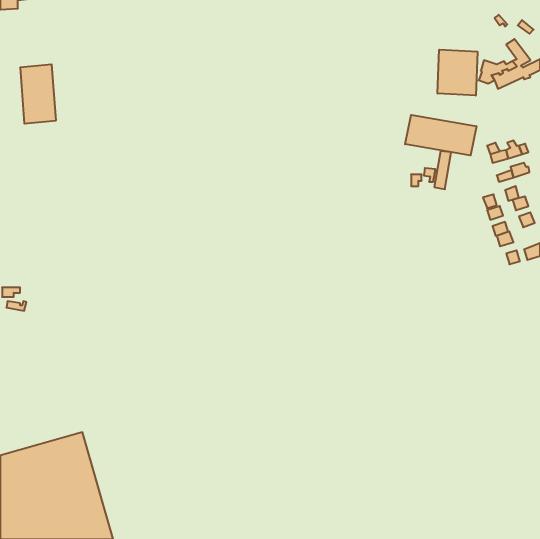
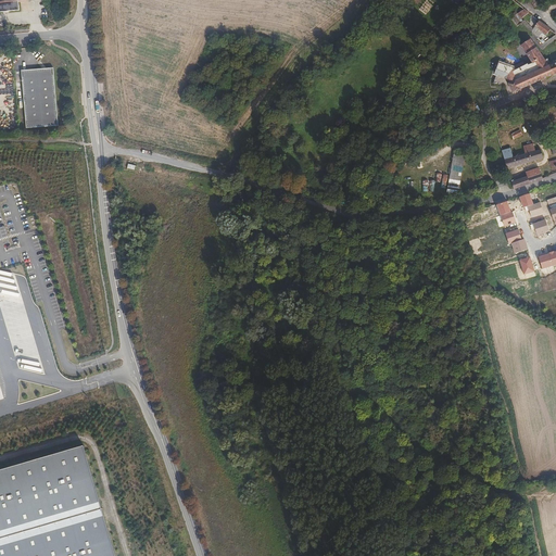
building: [438,50,477,96] -> none
building: [405,115,476,155] -> none

